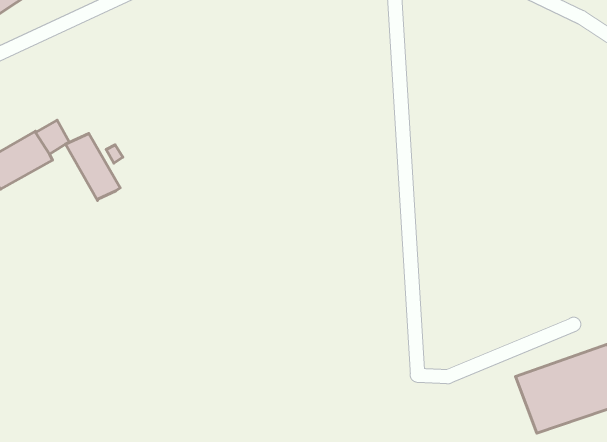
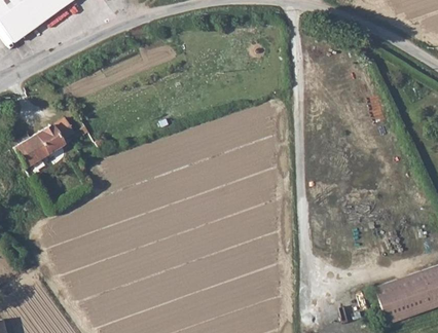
building: [65,134,120,200] -> none

